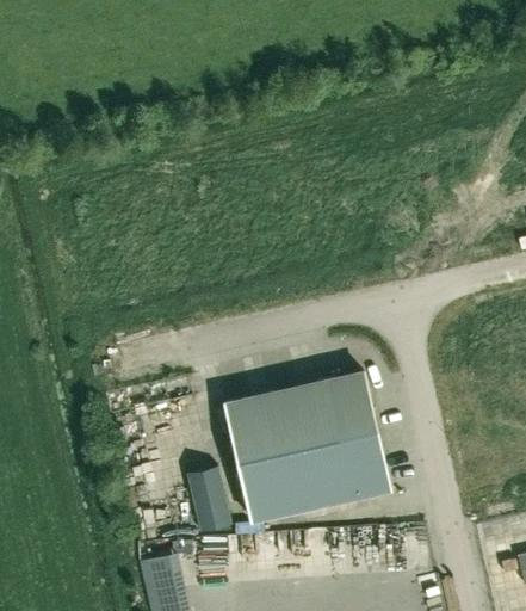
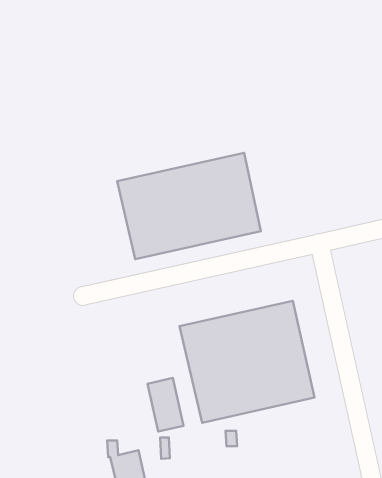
building: none -> [117,153,261,259]

